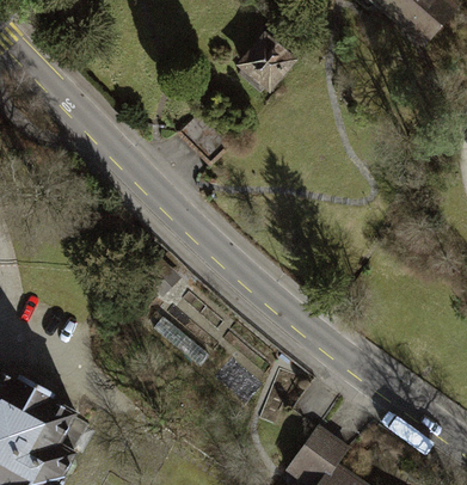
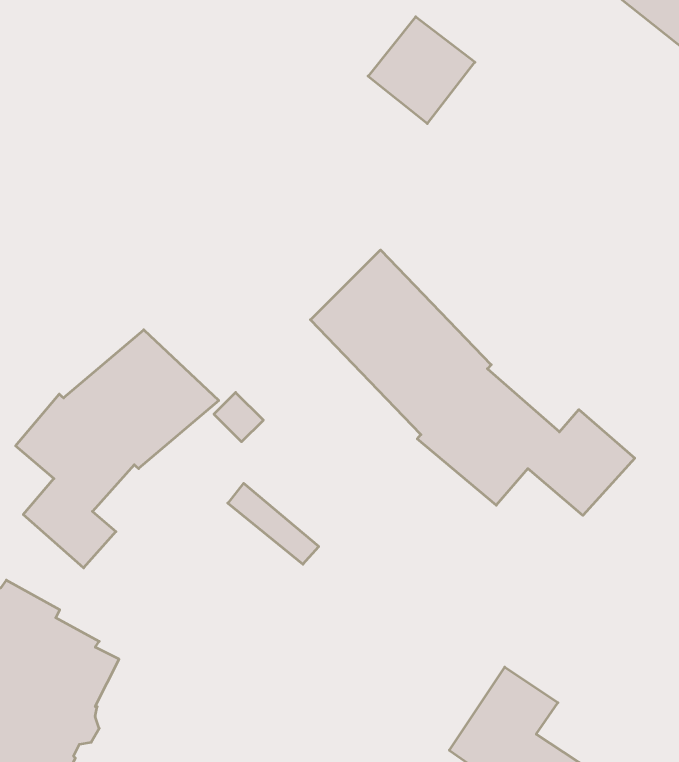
building: none -> [310,250,635,515]
building: none -> [16,330,219,568]

